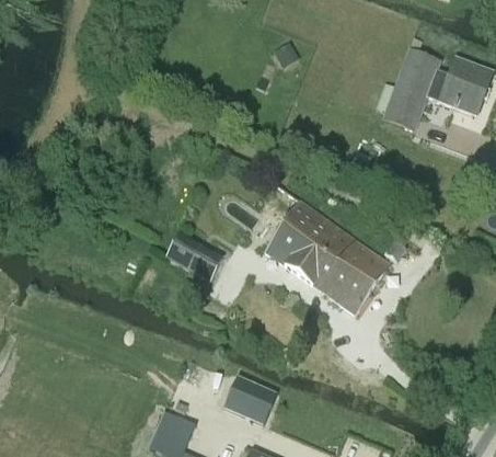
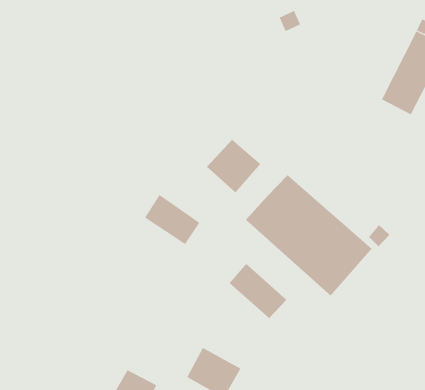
building: none -> [206,139,261,193]
building: none -> [229,263,287,319]

